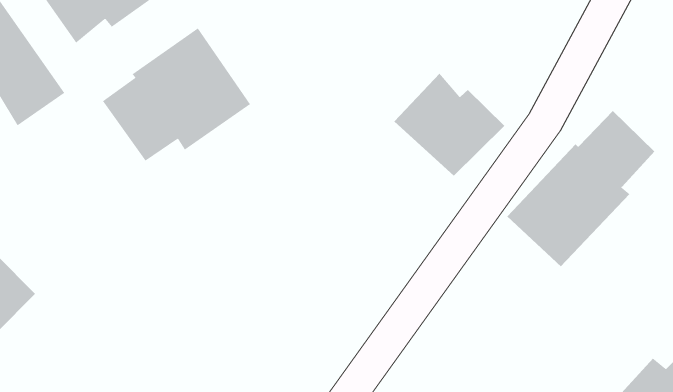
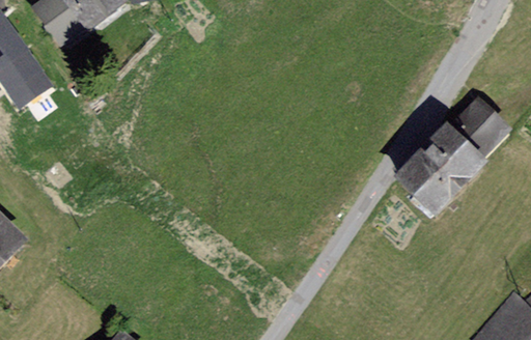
building: [102,27,251,162] -> none
building: [394,73,505,177] -> none

